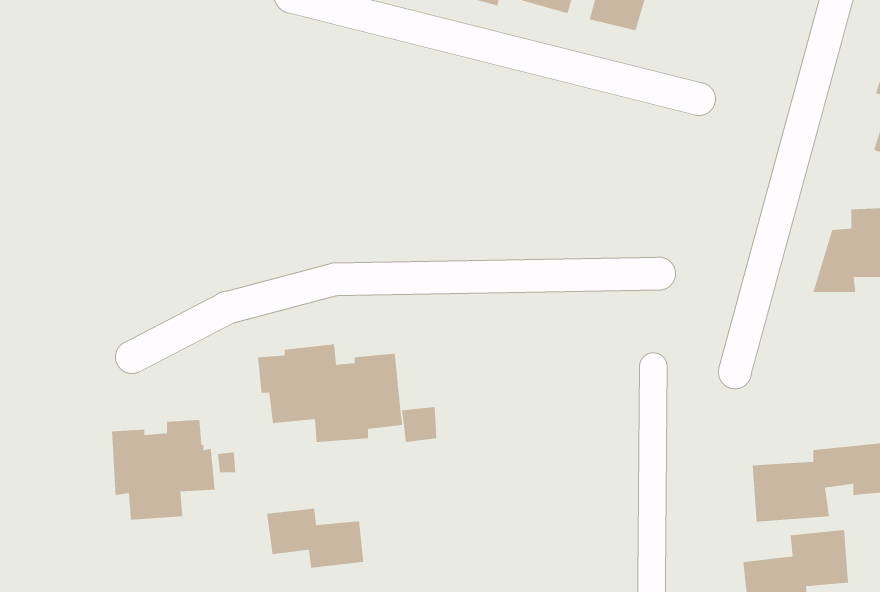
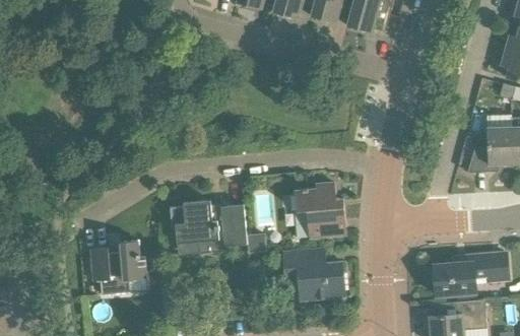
building: none -> [295,184,346,239]
building: none -> [283,248,344,300]
building: [266,508,364,568] -> none

